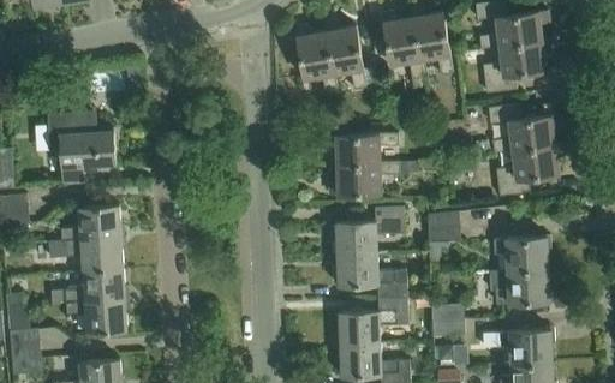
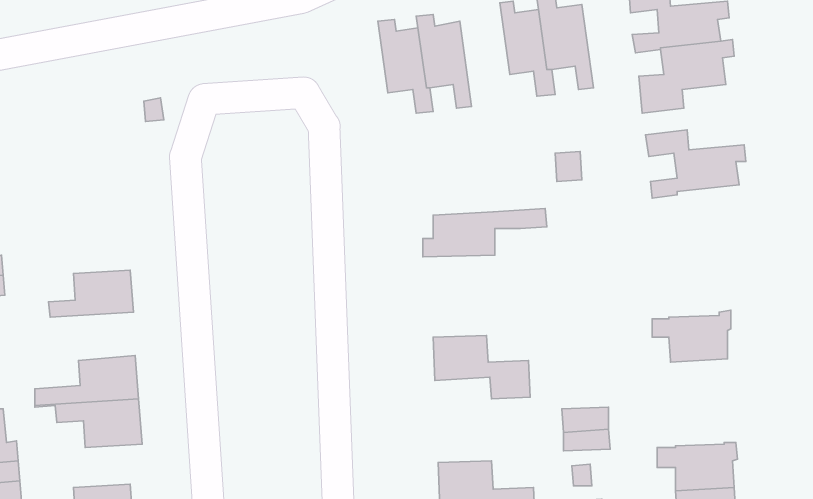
building: [48,109,115,185] -> none
building: [328,133,398,164] -> none
building: [496,142,563,195] -> none
building: [335,205,404,252] -> none
building: [428,211,460,240] -> none
building: [49,234,123,269] -> none
building: [489,268,553,303] -> none
building: [339,295,407,342] -> none

